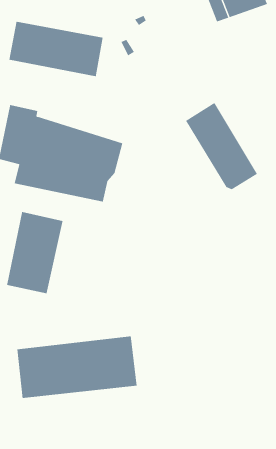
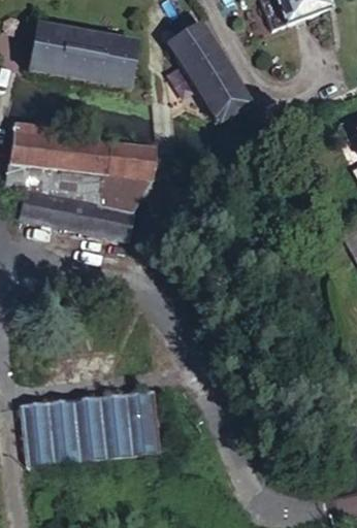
building: [185,102,258,190] -> [163,21,247,122]
building: [7,211,63,294] -> none

